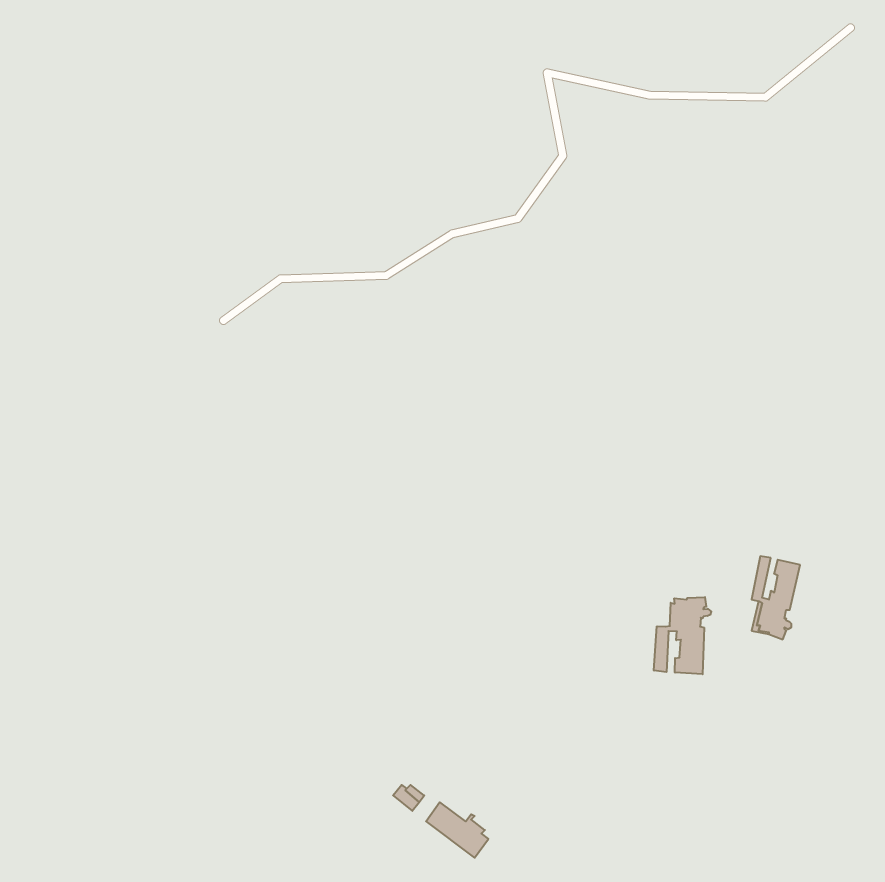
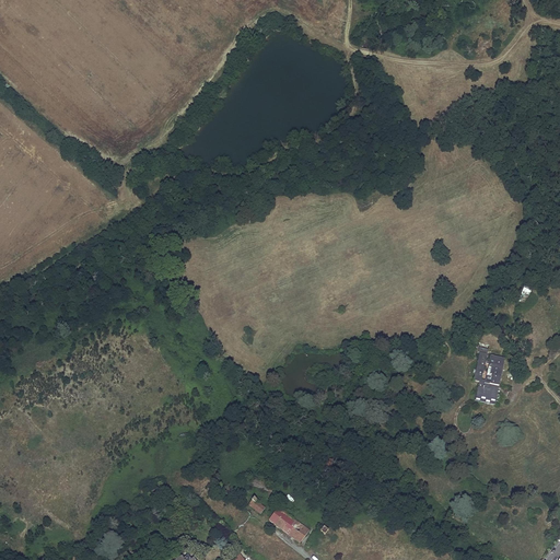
building: [654,597,711,674] -> none

